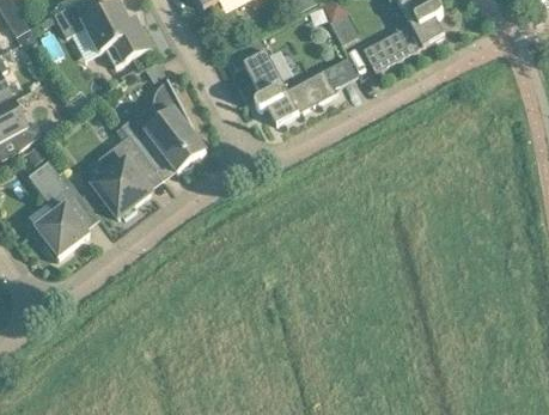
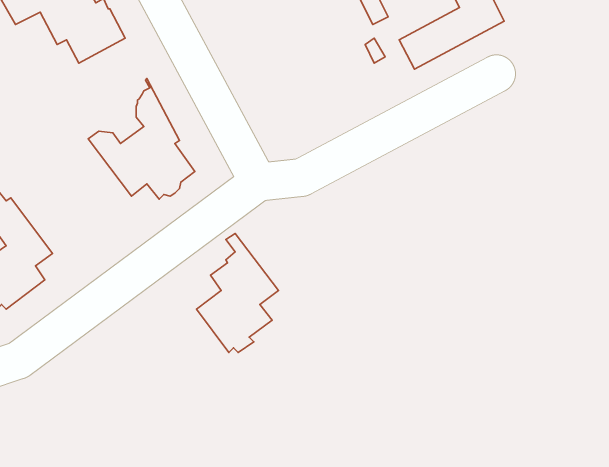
building: [242,50,336,123] -> none
building: [91,124,154,216] -> [197,233,278,353]

